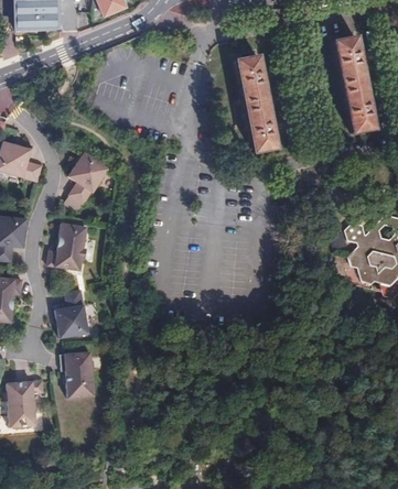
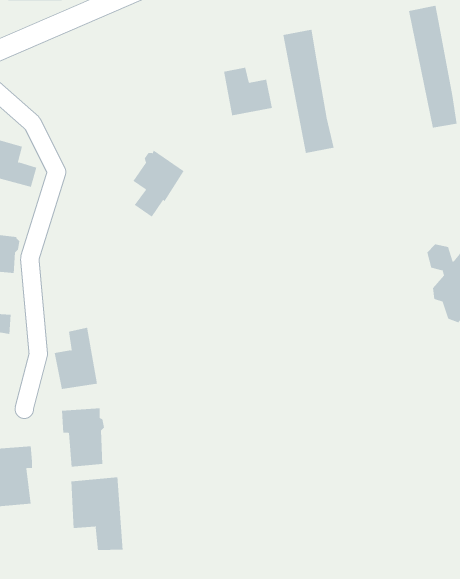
building: none -> [224,67,273,116]
building: [68,149,109,202] -> [132,150,185,218]
building: [47,220,87,269] -> none
building: none -> [71,476,123,551]

